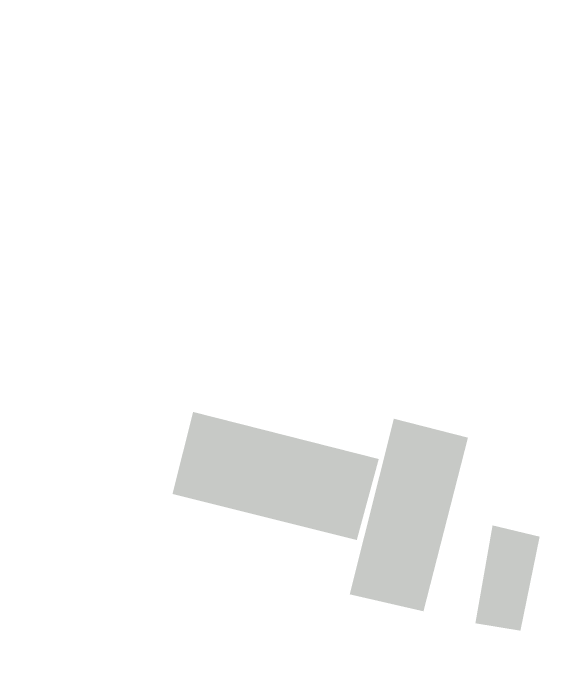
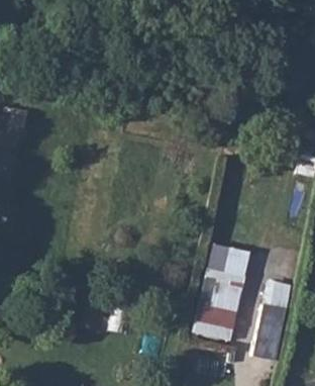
building: [172,411,380,541] -> none

